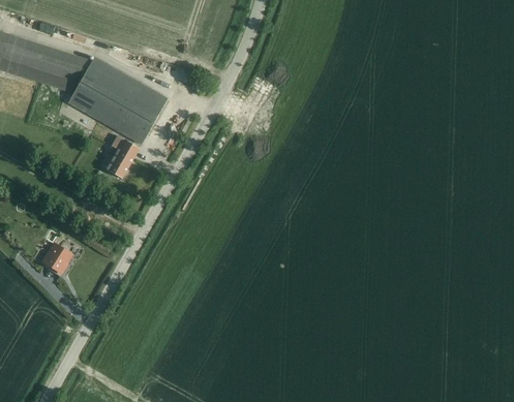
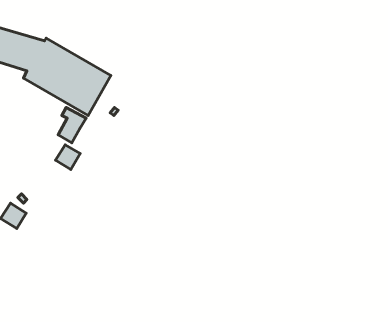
building: none -> [55,145,80,170]

